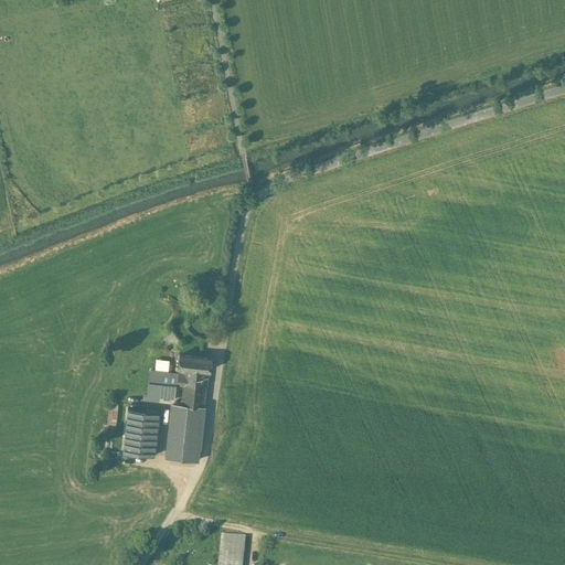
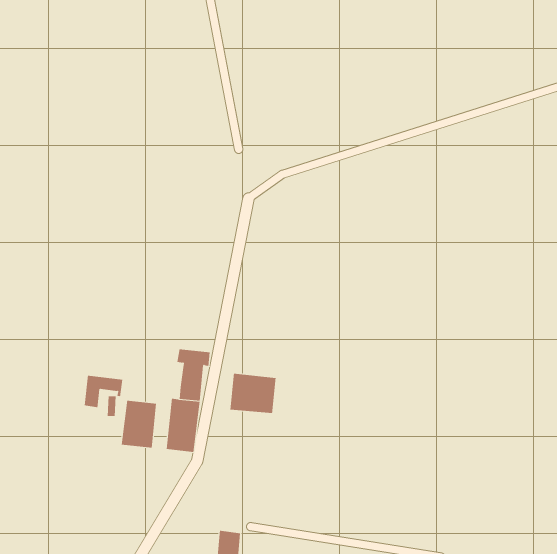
building: [145,373,184,406] -> [84,375,123,408]
building: none -> [230,373,276,414]

